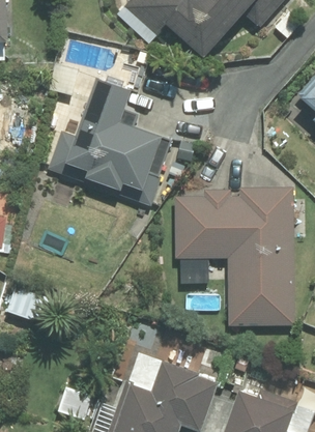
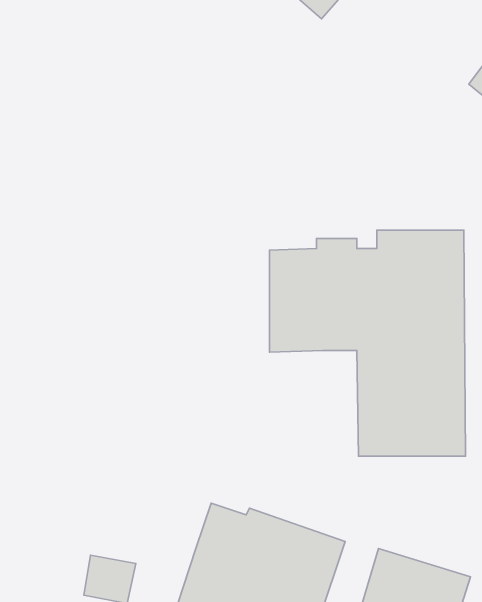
building: [45,74,165,191] -> none

